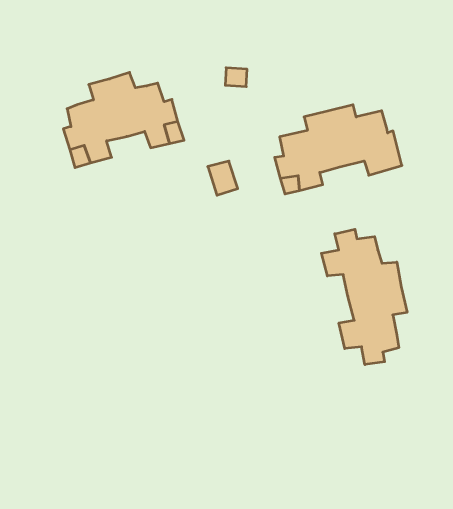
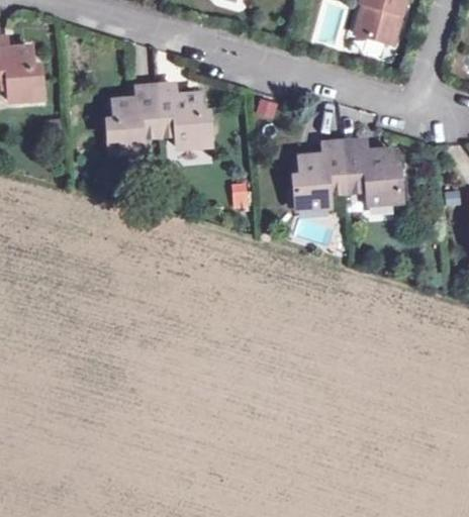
building: [321,229,407,365] -> none

